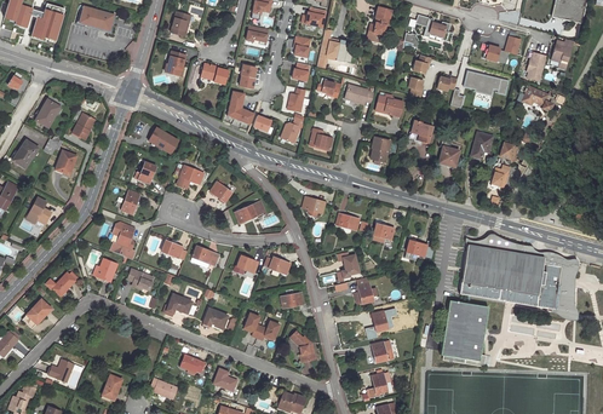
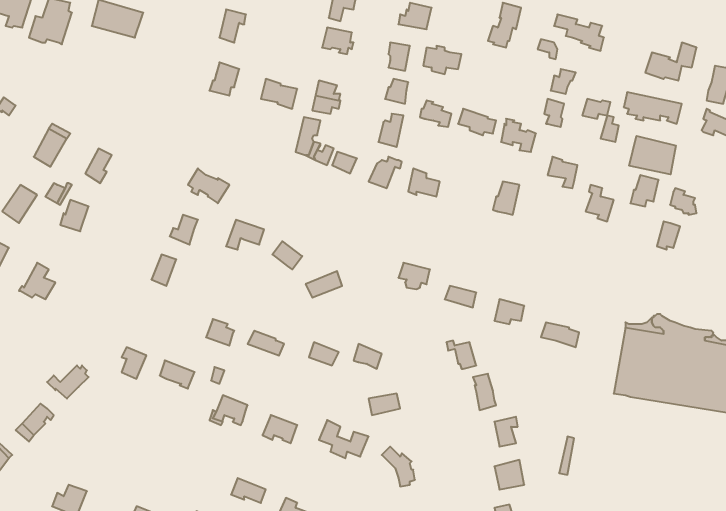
building: none -> [629,136,676,174]
building: [110,223,134,259] -> none
building: [440,300,489,367] -> none

